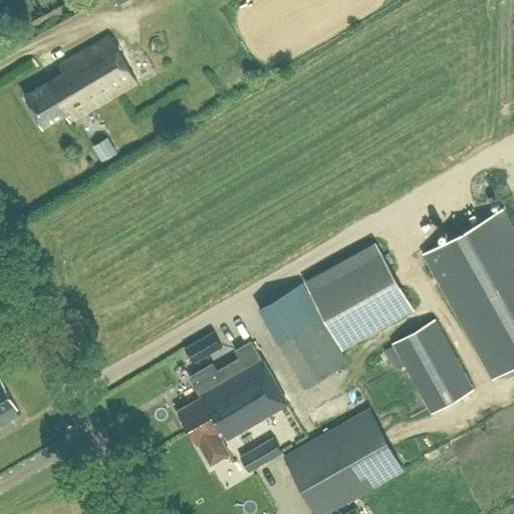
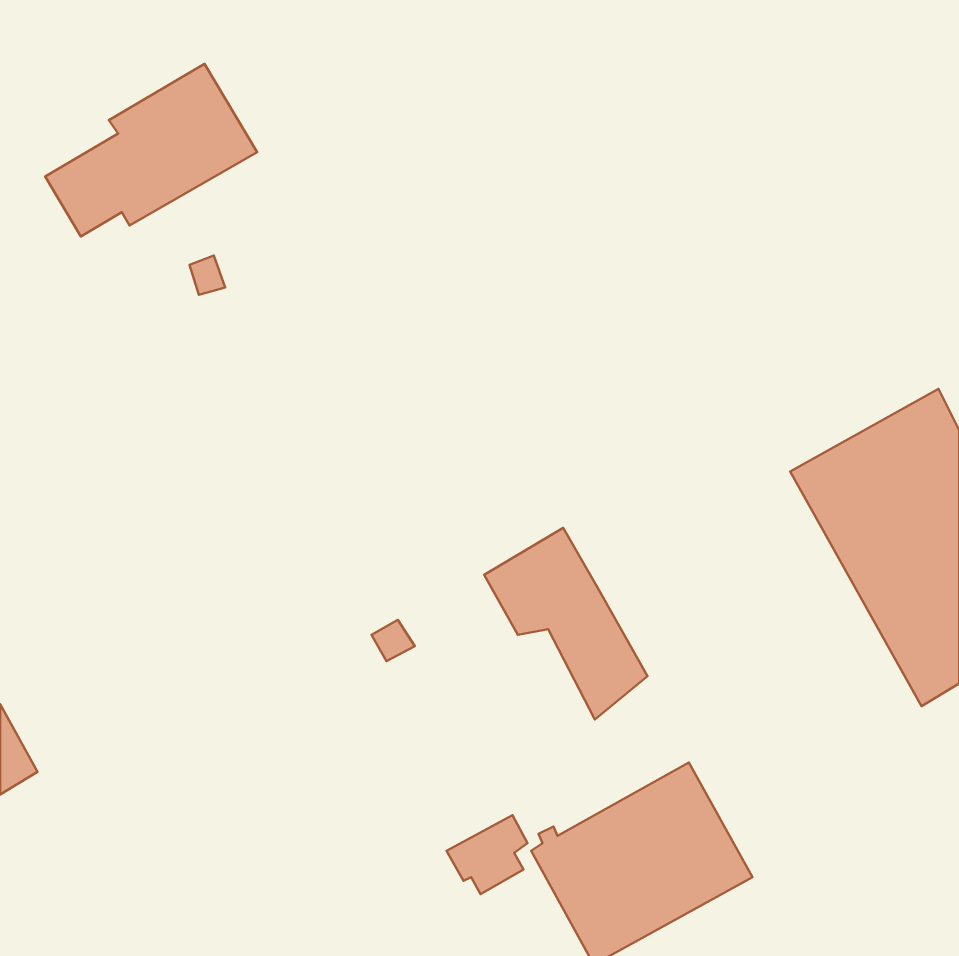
building: [304,243,413,350] -> none
building: [392,320,474,414] -> none
building: [177,343,287,465] -> none

